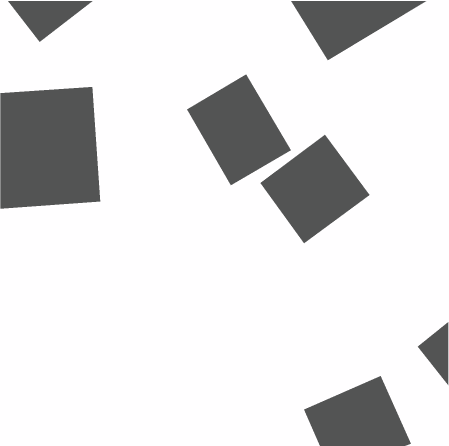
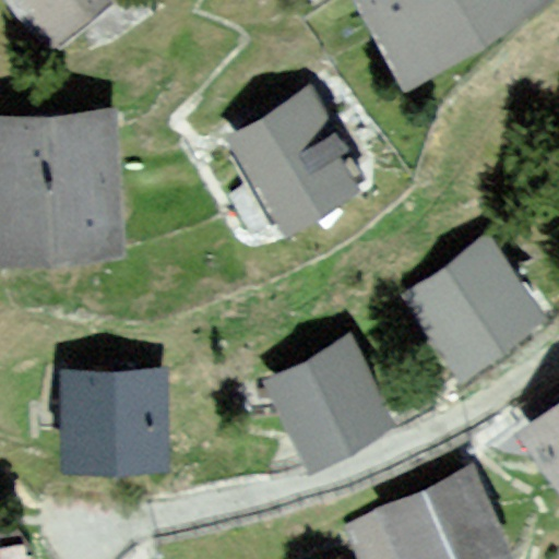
building: [259,134,371,244] -> [406,237,545,374]
building: none -> [264,341,388,464]
building: none -> [63,369,168,472]

